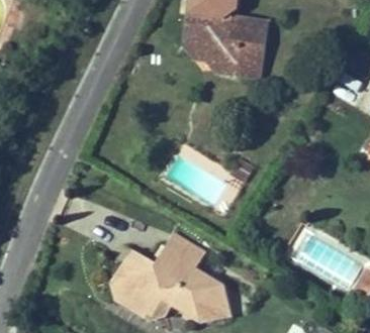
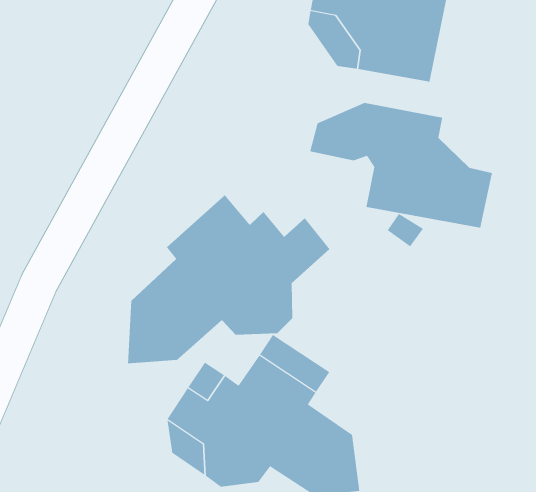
building: none -> [309,102,493,228]
building: none -> [127,194,330,364]

